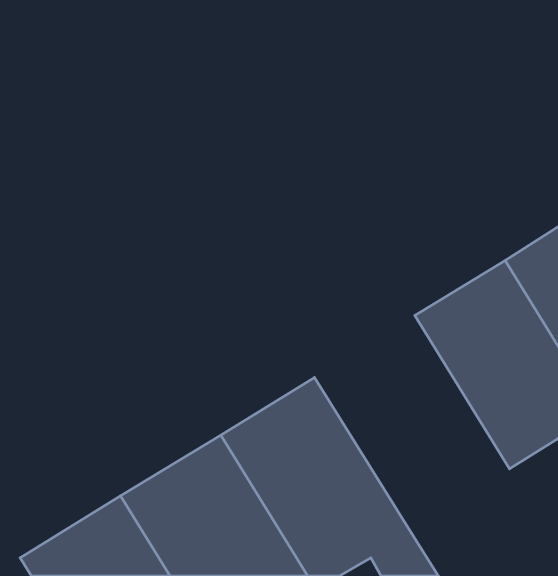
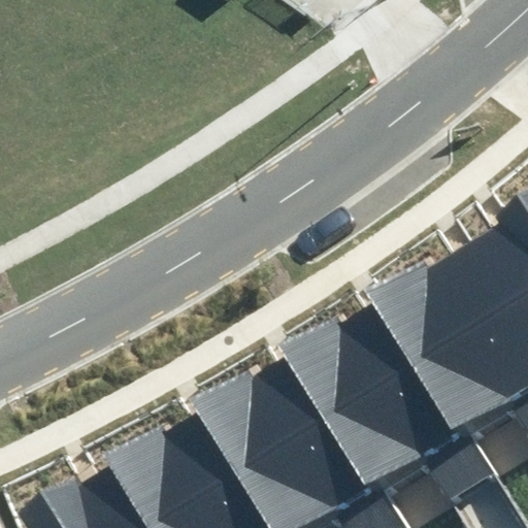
building: none -> [304,289,510,497]

